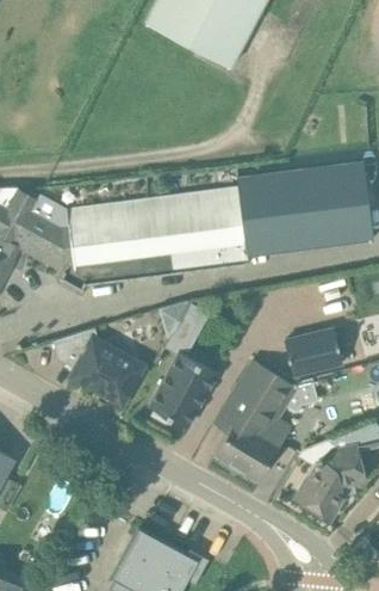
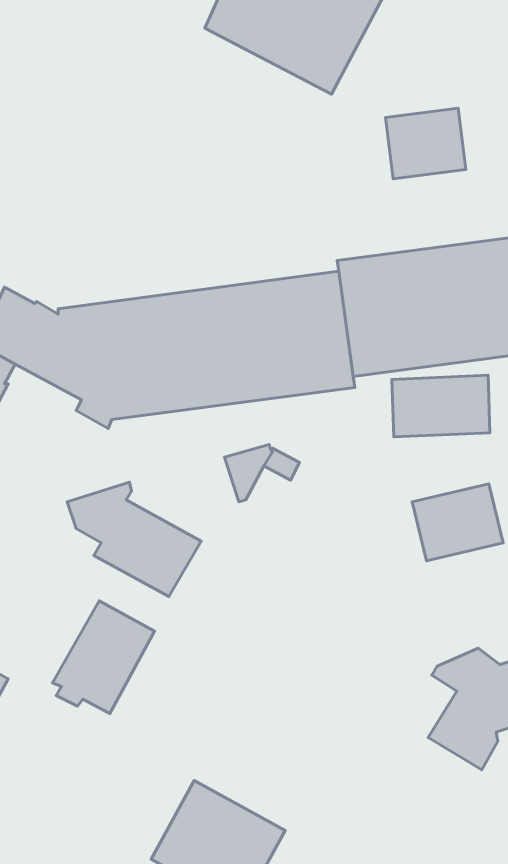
building: none -> [386,108,466,179]
building: none -> [392,375,490,437]
building: [151,351,219,426] -> [53,601,154,713]
building: [215,359,302,479] -> none

